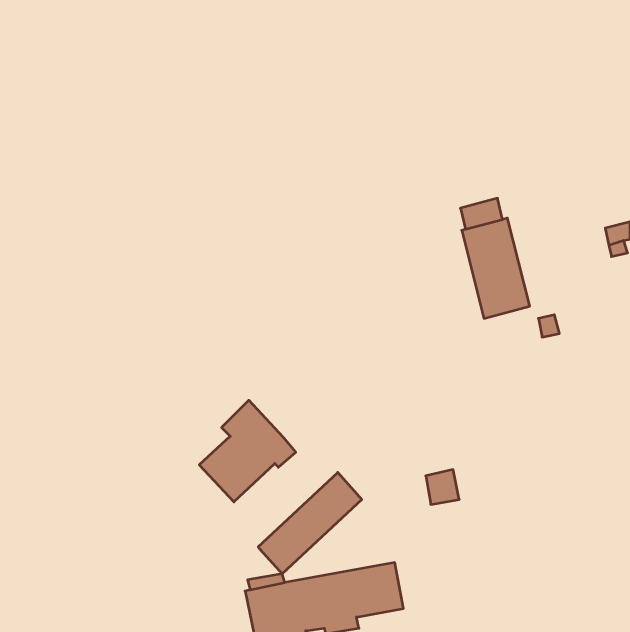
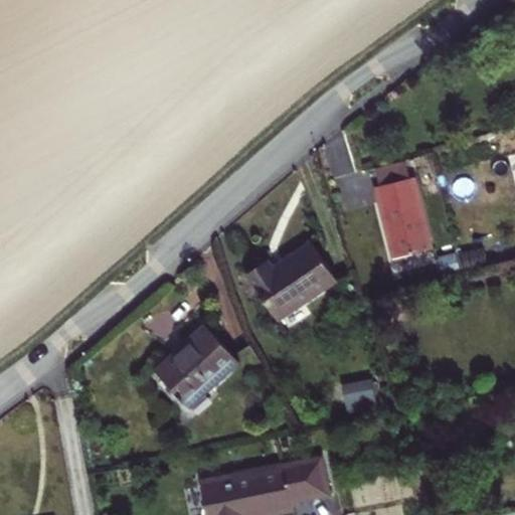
building: none -> [246,243,335,320]
building: [258,472,362,574] -> none

